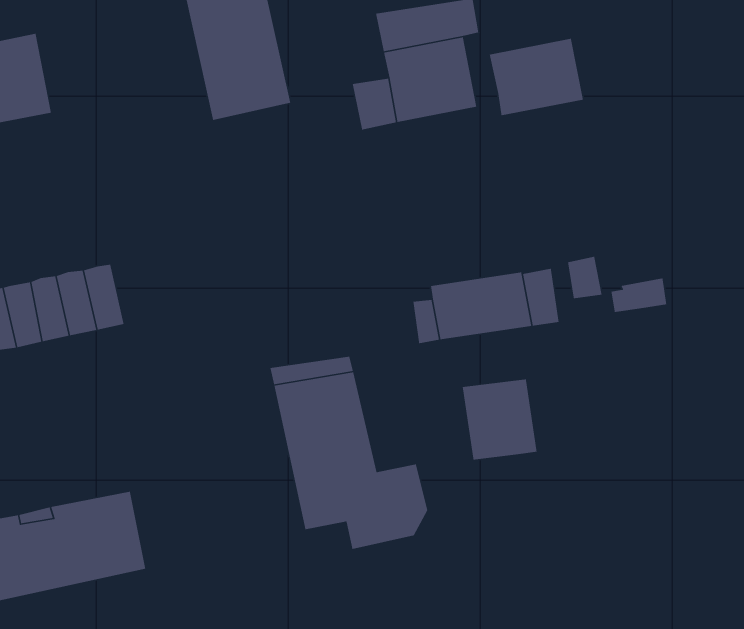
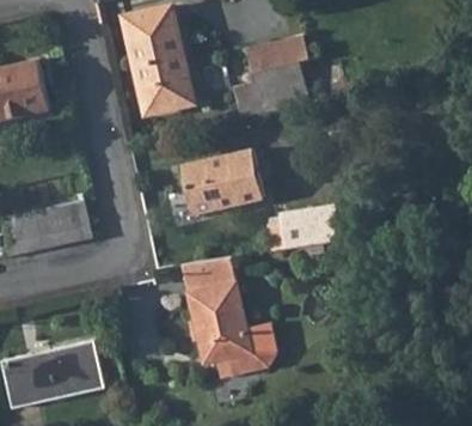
building: [489,38,584,116] -> none
building: none -> [180,150,262,214]
building: [462,378,537,460] -> none

